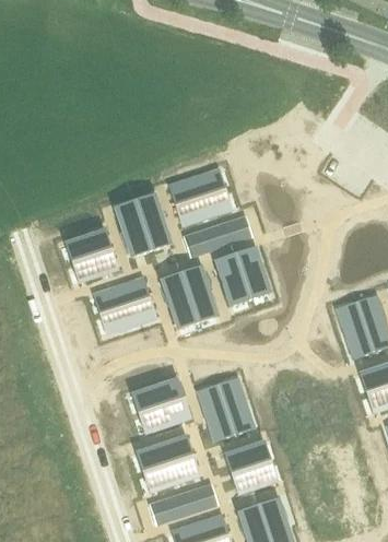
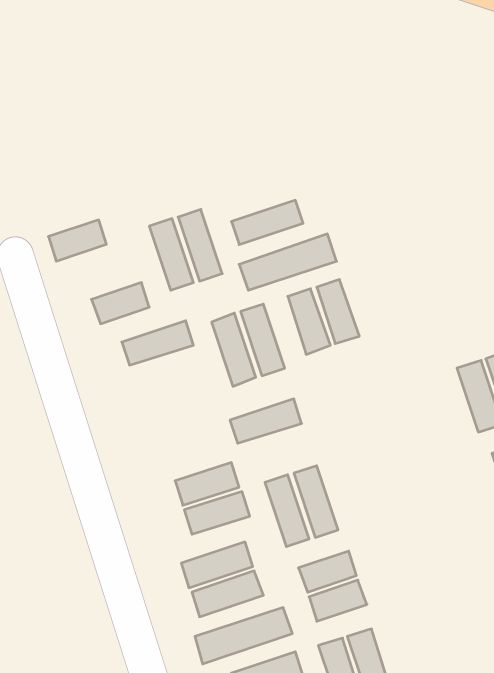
building: [168,170,221,202] -> none
building: [69,229,110,259] -> [48,220,106,261]
building: [104,298,155,330] -> [230,399,302,443]

